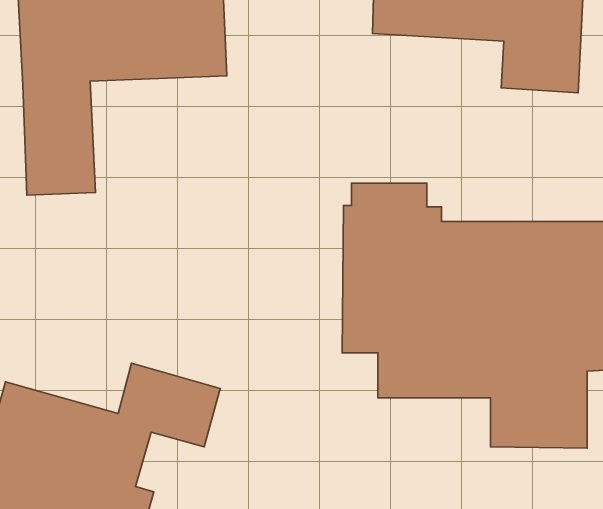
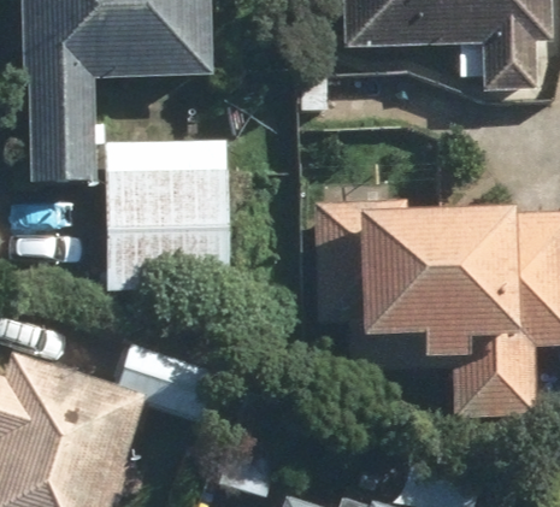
building: none -> [104,137,255,291]

